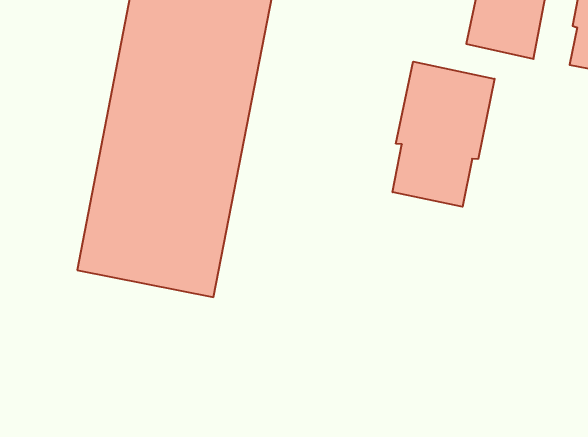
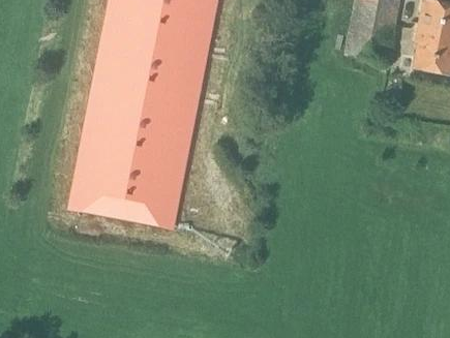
building: [393,62,495,207] -> none

